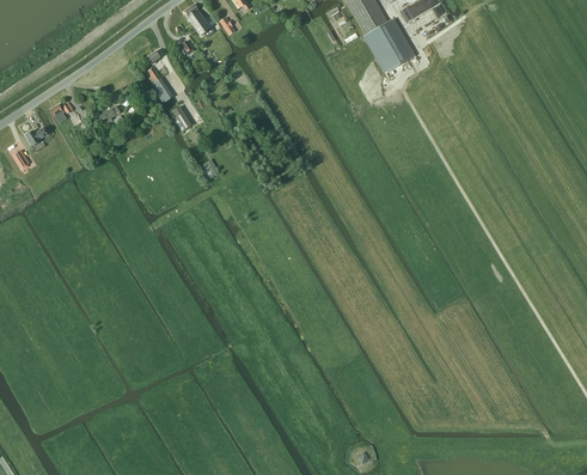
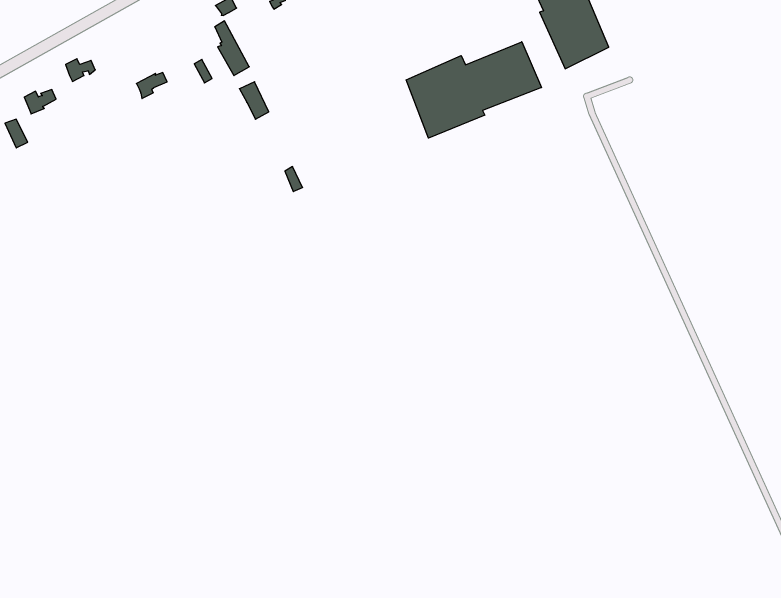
building: none -> [406,42,541,138]

